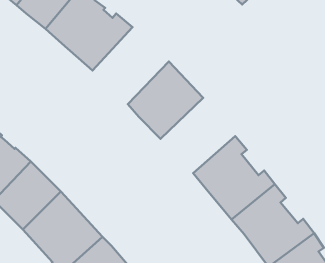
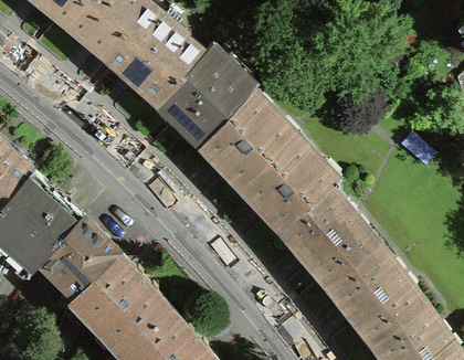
building: none -> [157,43,254,145]
building: none -> [240,137,335,229]

